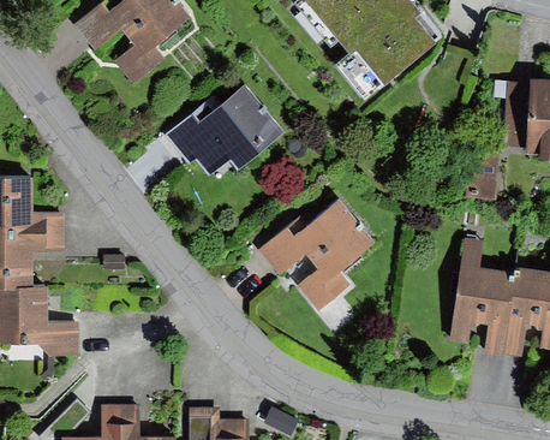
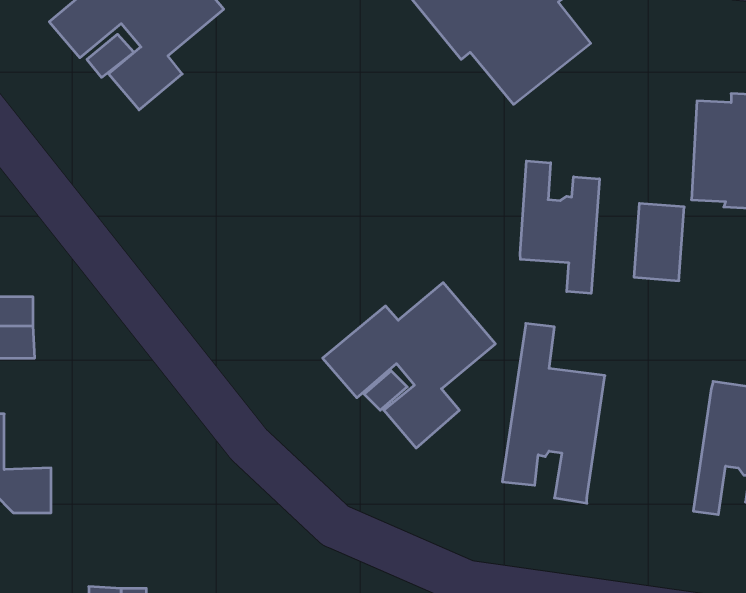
building: [166,83,282,176] -> none
building: none -> [520,161,599,293]
building: [448,237,516,357] -> [502,323,605,503]

